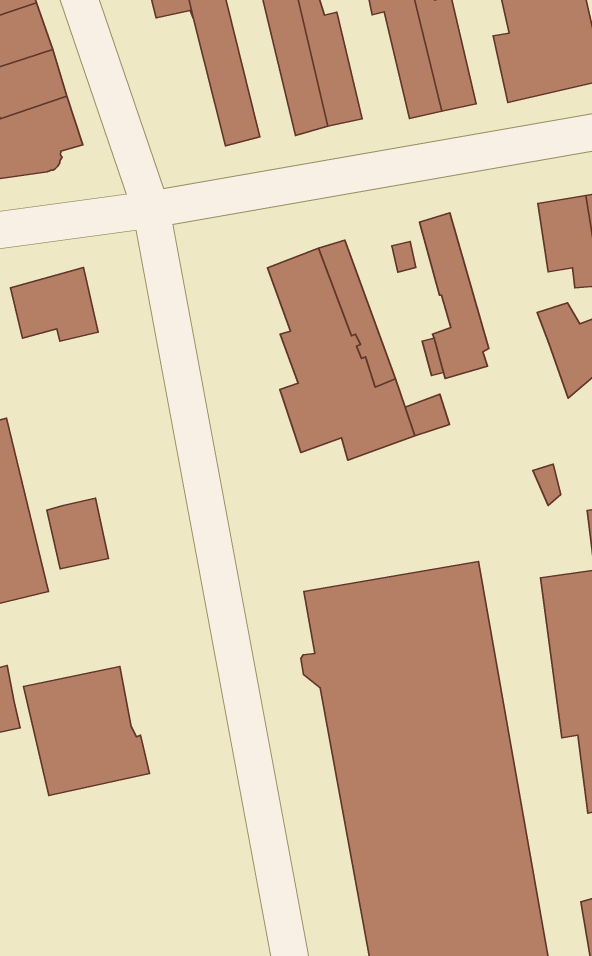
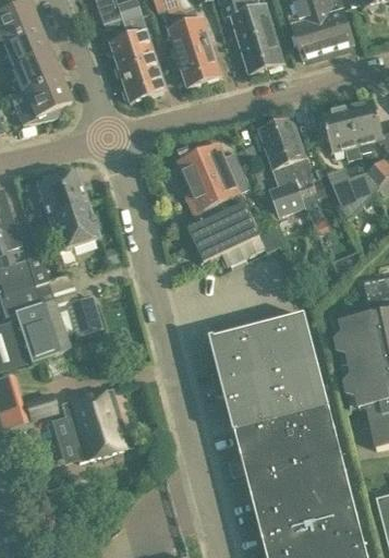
building: none -> [110,27,148,102]
building: none -> [275,117,335,235]
building: none -> [45,204,98,265]

